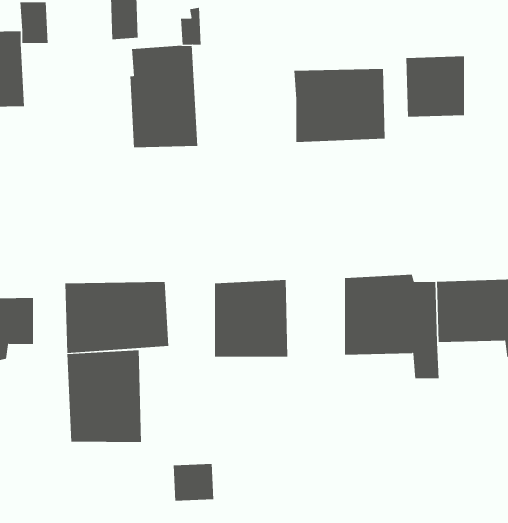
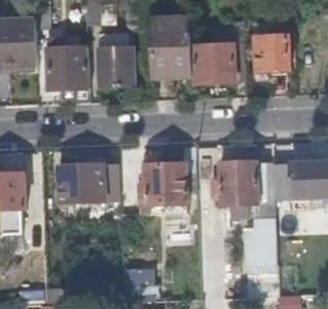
building: none -> [151,13,191,78]
building: none -> [46,45,89,88]
building: [67,350,142,443] -> none
building: none -> [242,220,271,267]

